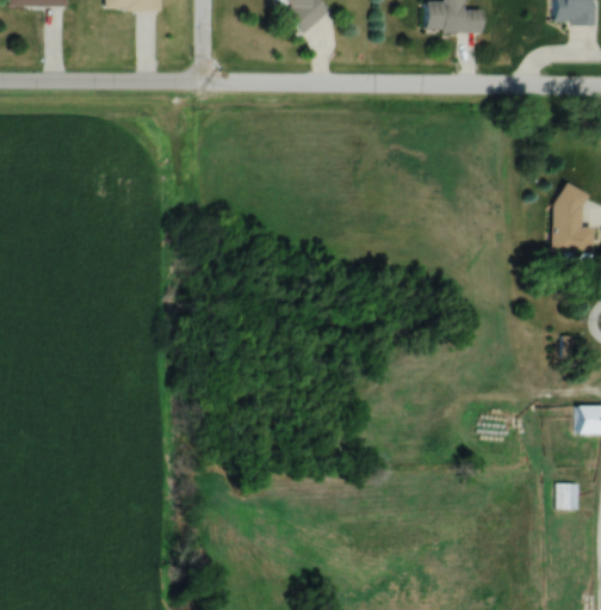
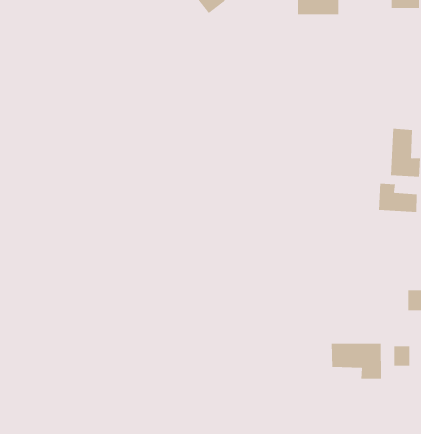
building: none -> [378,183,417,213]
building: none -> [331,343,381,379]

